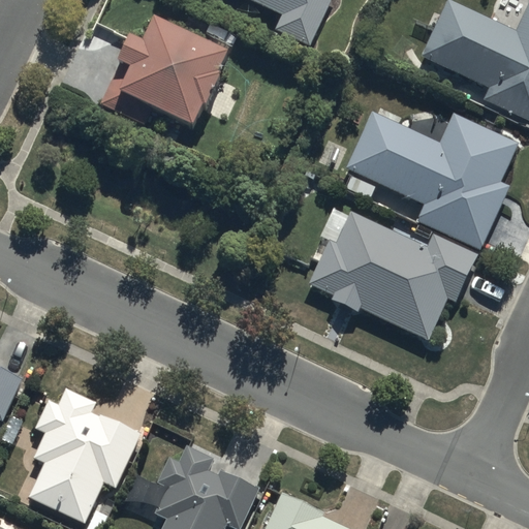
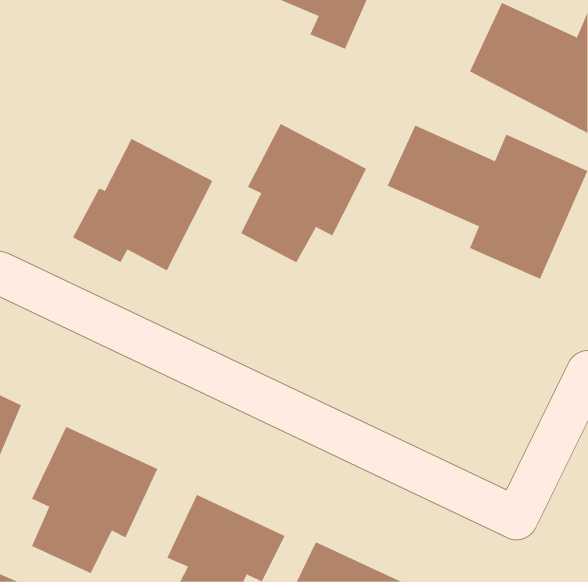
building: [102,18,228,136] -> [72,138,213,271]
building: none -> [240,123,367,263]
building: [309,206,478,342] -> none

